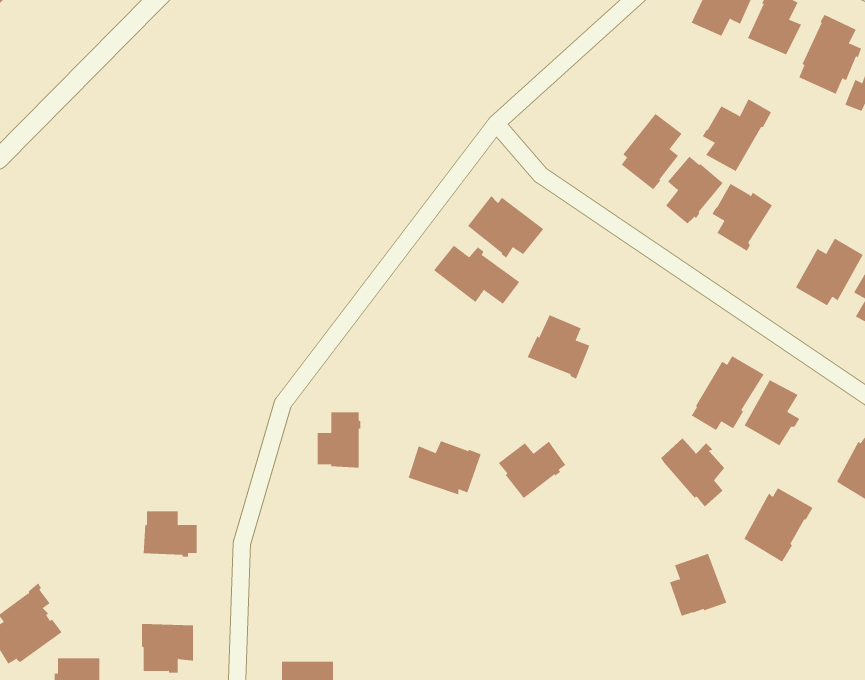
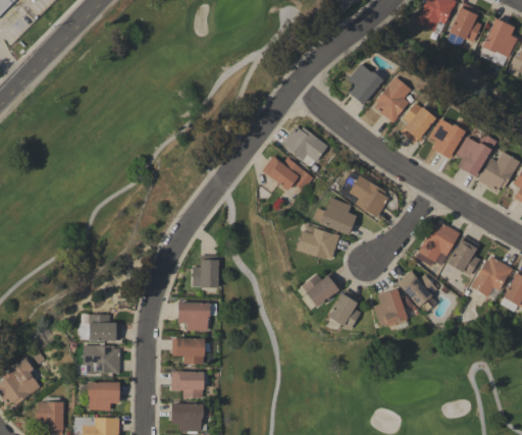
building: none -> [348,63,383,104]
building: [702,99,772,172] -> [455,132,497,176]
building: none -> [349,175,389,217]
building: [408,440,481,495] -> [296,227,340,260]
building: none -> [327,288,360,329]
building: [743,487,813,563] -> [471,256,513,301]
building: none -> [177,302,209,330]
building: none -> [172,337,211,365]
building: [669,553,727,616] -> [373,288,408,326]
building: none -> [81,342,120,374]
building: none -> [171,370,204,398]

